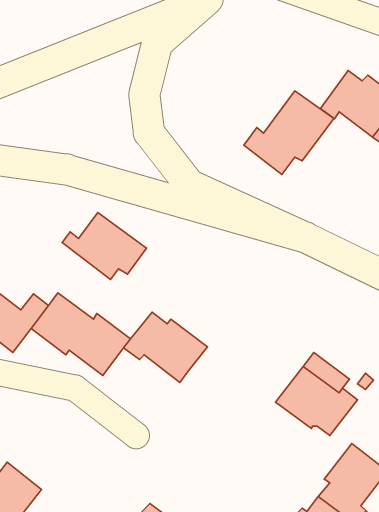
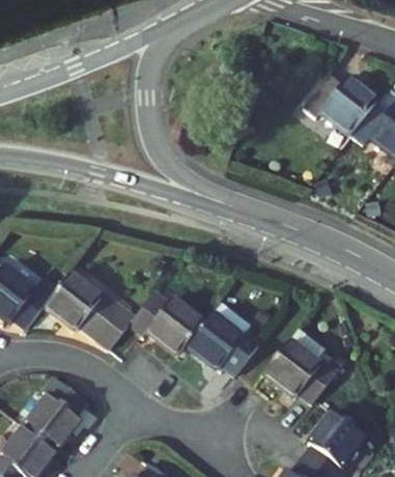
building: [244,91,334,175] -> none
building: [62,212,147,279] -> none
building: none -> [187,304,261,375]
building: none -> [24,376,88,451]

